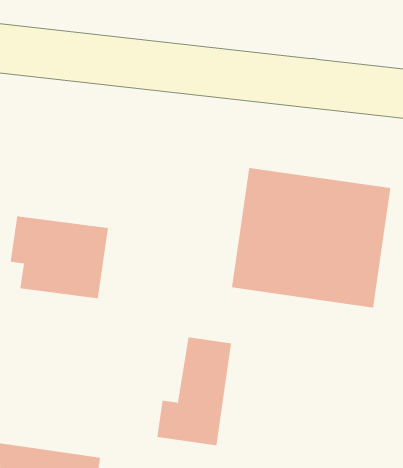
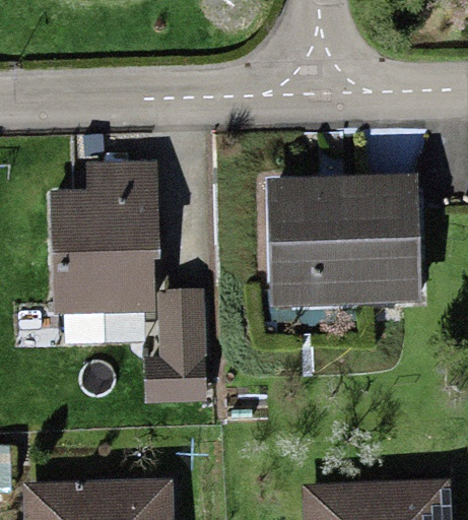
building: none -> [52,160,153,263]
building: [157,337,232,446] -> [149,295,209,396]

